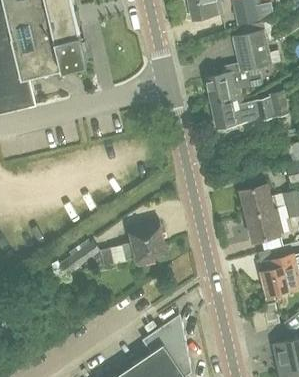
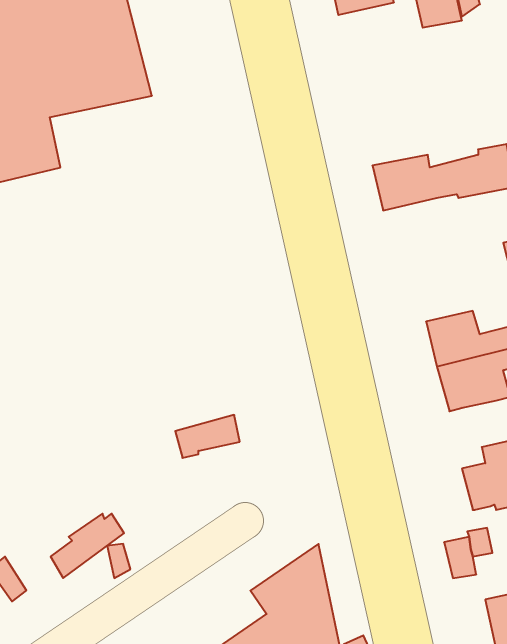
building: [205,30,271,103] -> none
building: [129,220,166,265] -> none
building: [59,240,100,276] -> [51,514,124,578]

